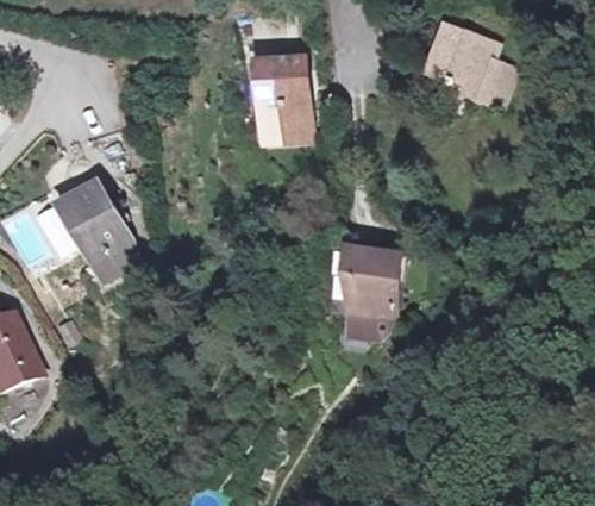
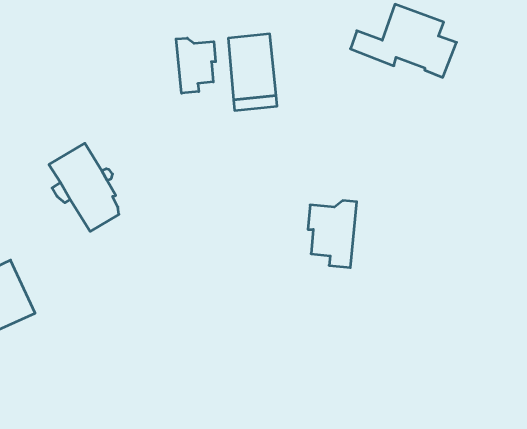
building: none -> [176,38,216,93]
building: [346,302,394,337] -> none

